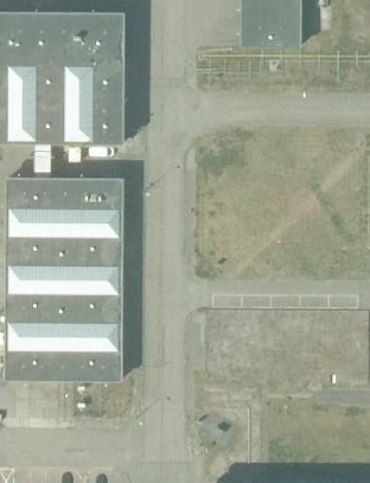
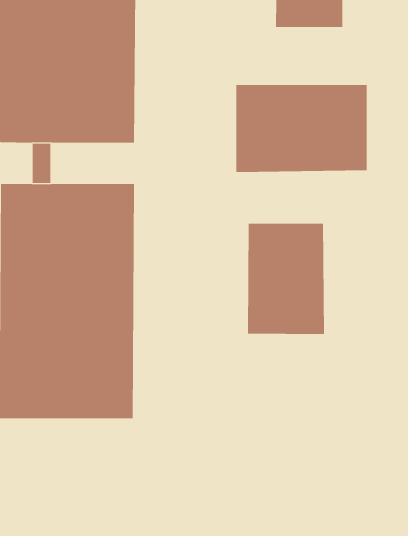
building: none -> [236,84,367,173]
building: none -> [248,223,324,335]

